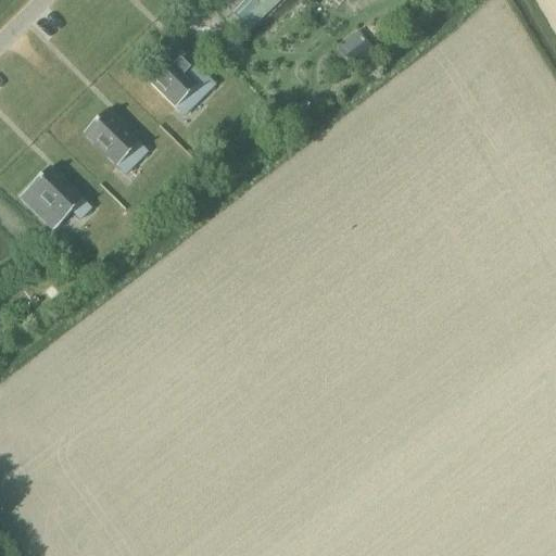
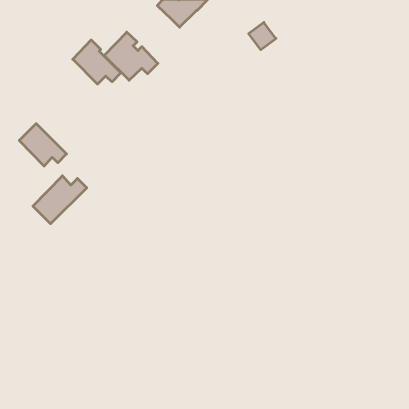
building: [84,108,149,167] -> [73,40,121,84]
building: none -> [33,176,87,224]

